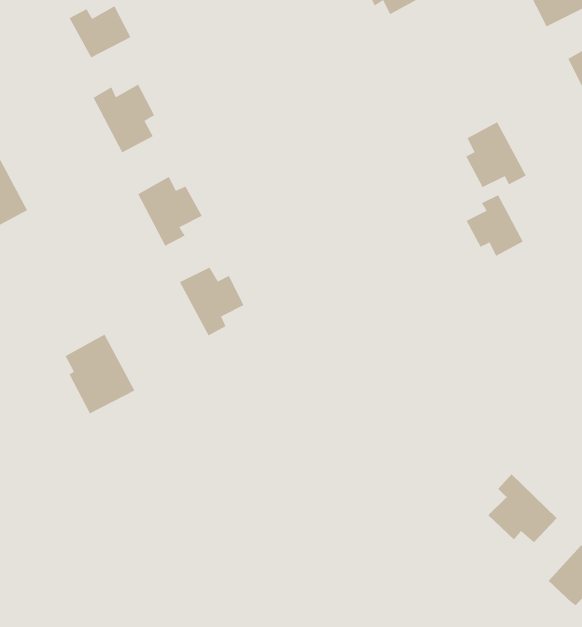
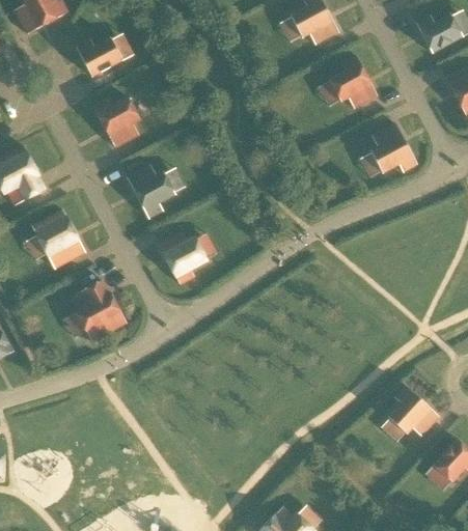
building: none -> [328,55,377,108]
building: [466,194,524,257] -> none
building: none -> [31,209,85,270]

